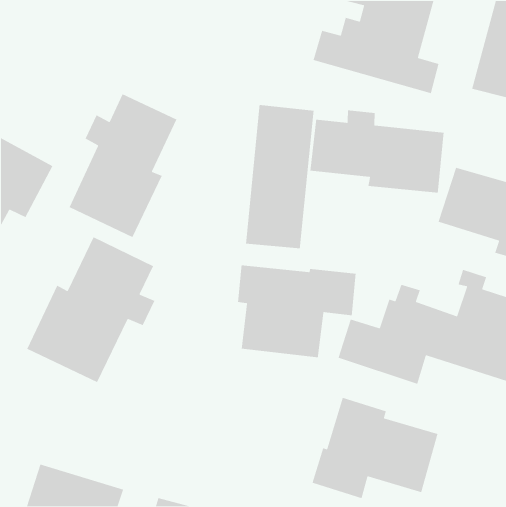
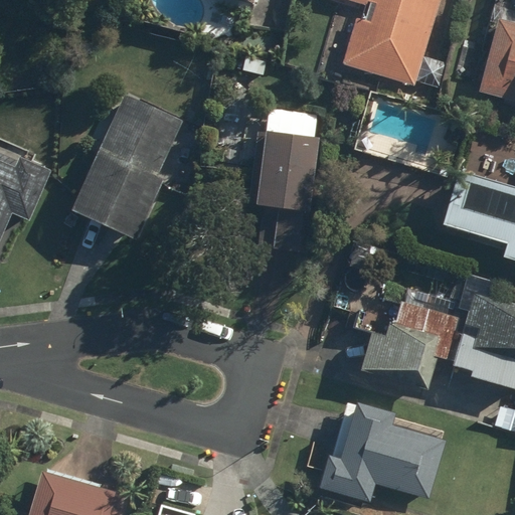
building: [310,110,445,194] -> none
building: [26,236,155,383] -> none
building: [237,265,357,358] -> none

